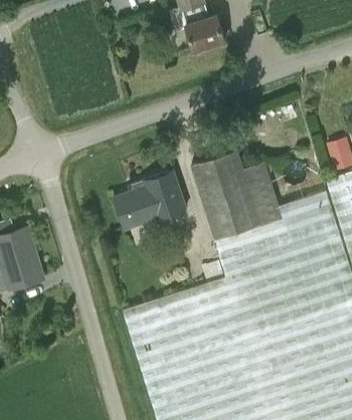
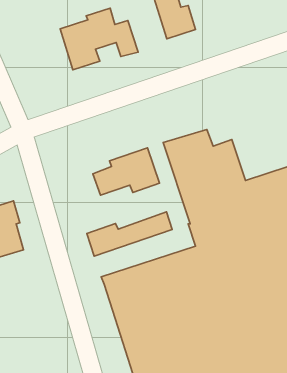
building: none -> [60,8,138,70]
building: none -> [87,212,172,256]

